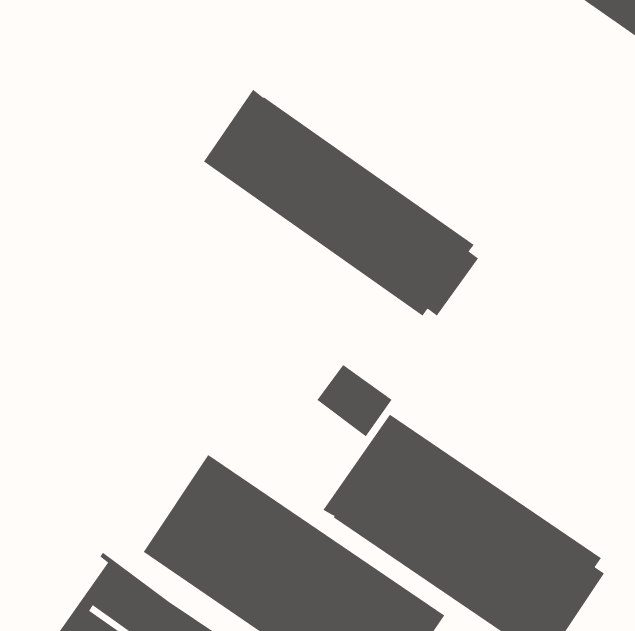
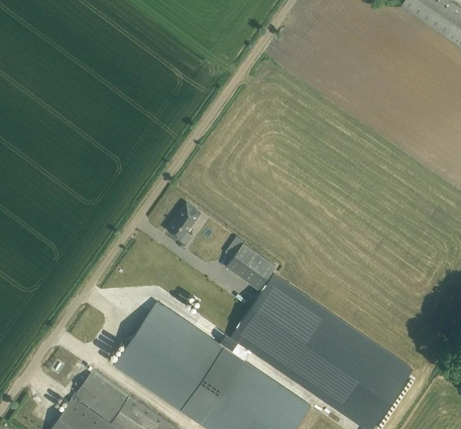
building: [203,89,479,316] -> none
building: none -> [167,202,201,240]

